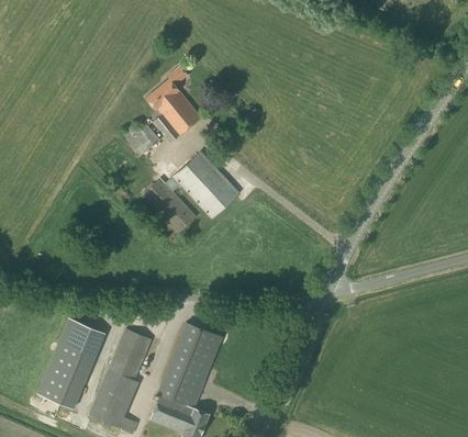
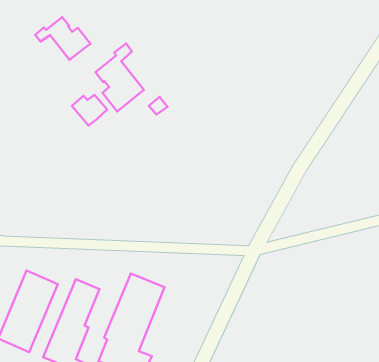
building: none -> [35,17,91,60]
building: [142,150,239,234] -> none

